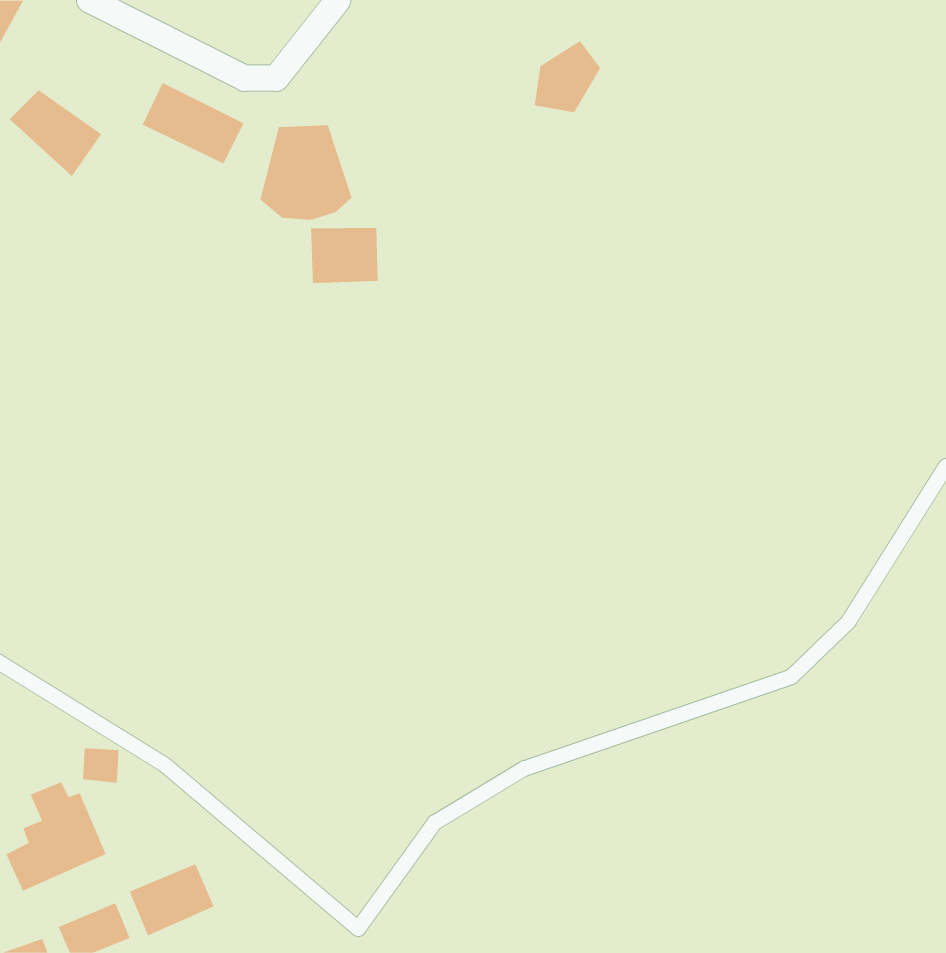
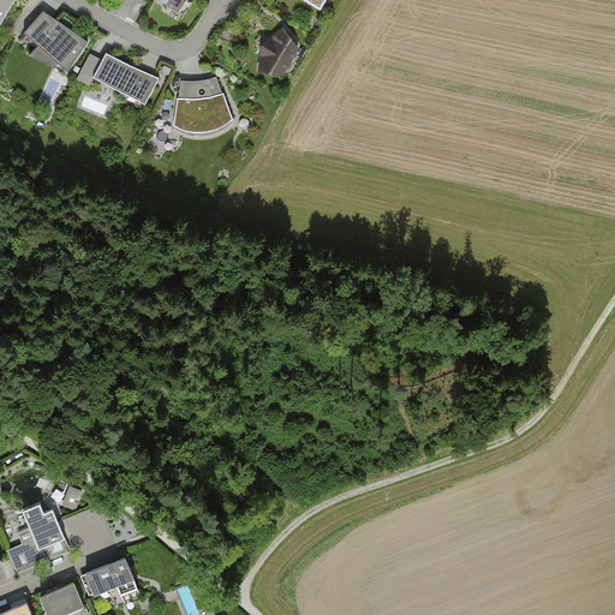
building: [534,40,601,113] -> [253,29,297,76]
building: [9,89,102,177] -> [25,13,85,70]
building: [311,227,378,284] -> none

